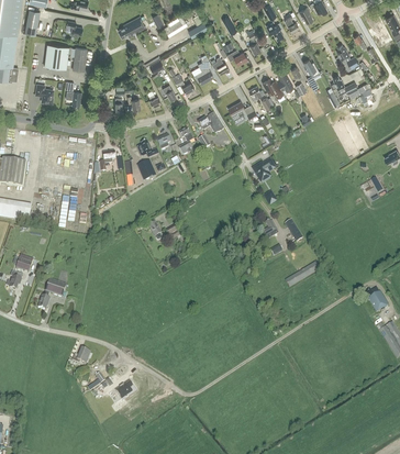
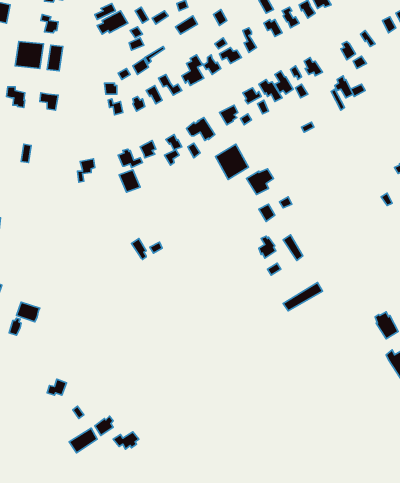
building: none -> [216,144,248,179]

